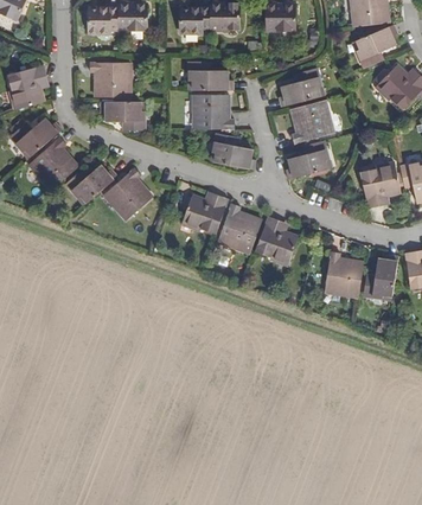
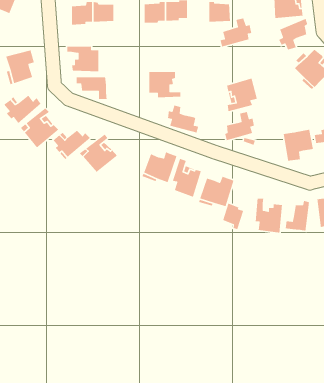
building: [190,59,235,90] -> none
building: [277,70,319,108] -> [220,18,252,47]
building: none -> [222,203,244,230]

